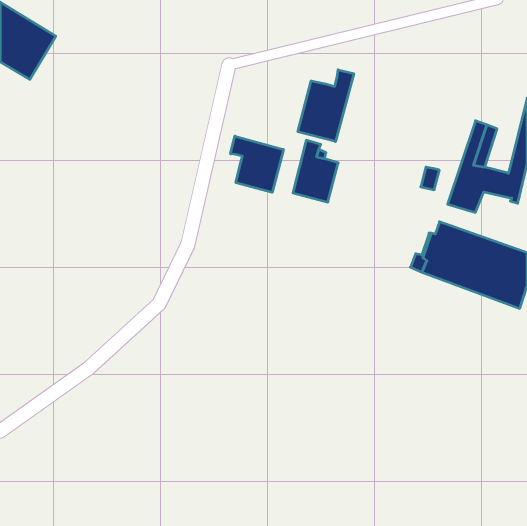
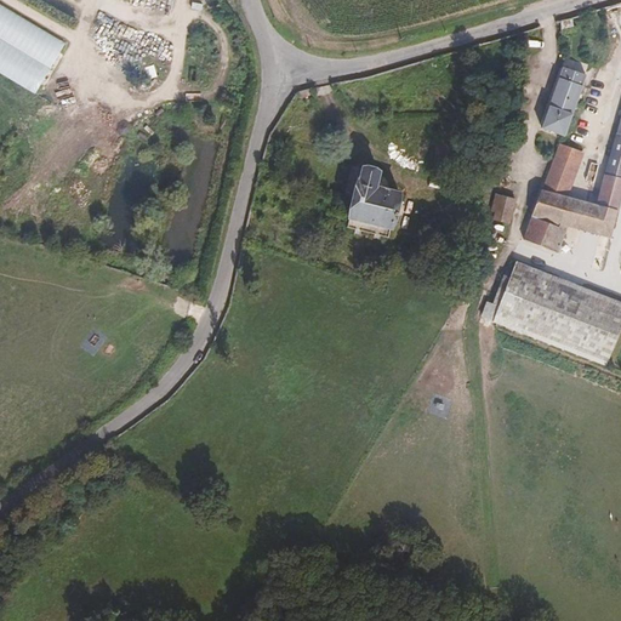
building: none -> [545,62,585,130]
building: [298,70,354,142] -> none
building: [231,136,283,192] -> none

